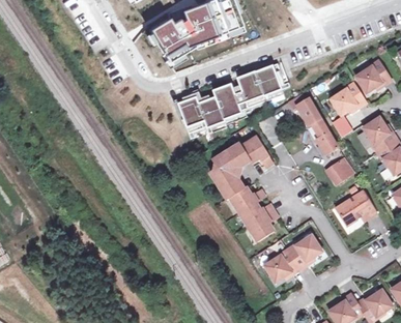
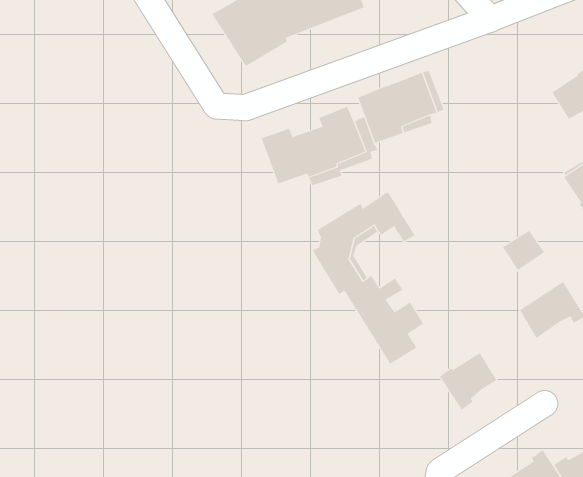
building: [330,82,366,115] -> none
building: [289,94,338,153] -> none
building: [264,248,300,282] -> none

